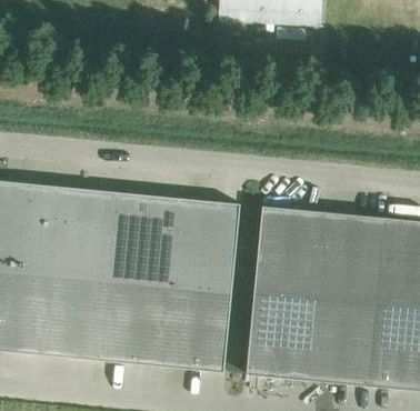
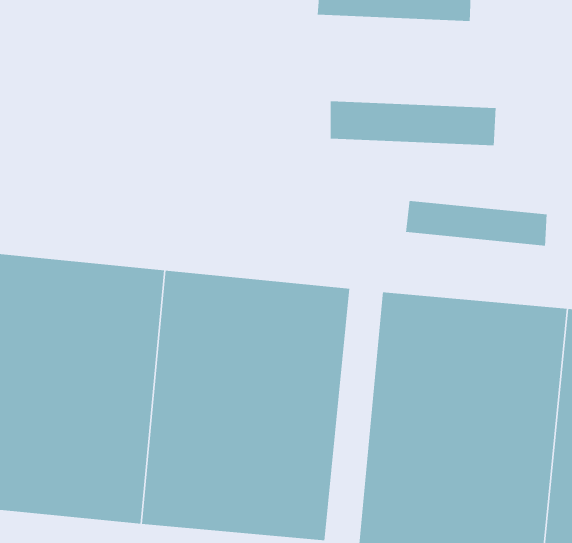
building: none -> [330,100,496,146]
building: none -> [406,200,547,246]

